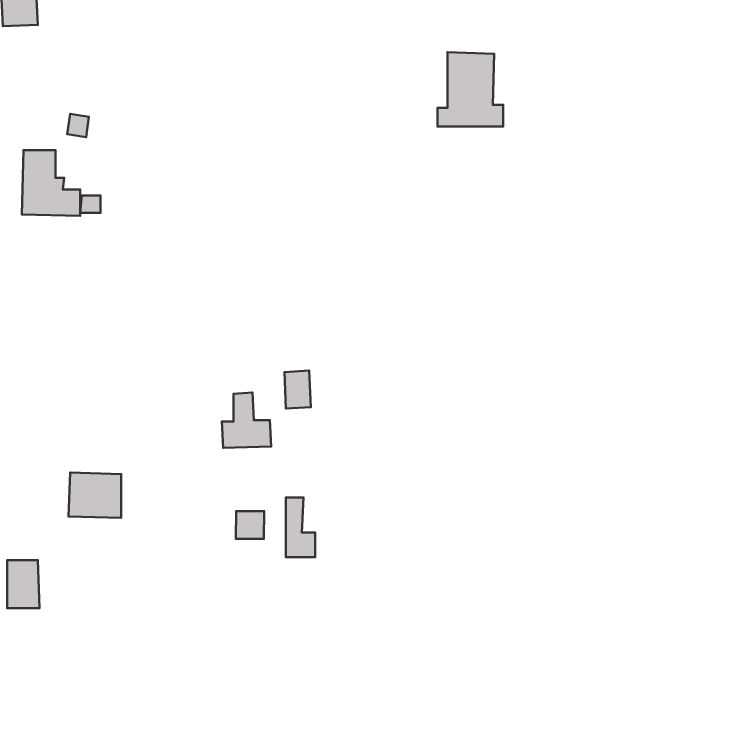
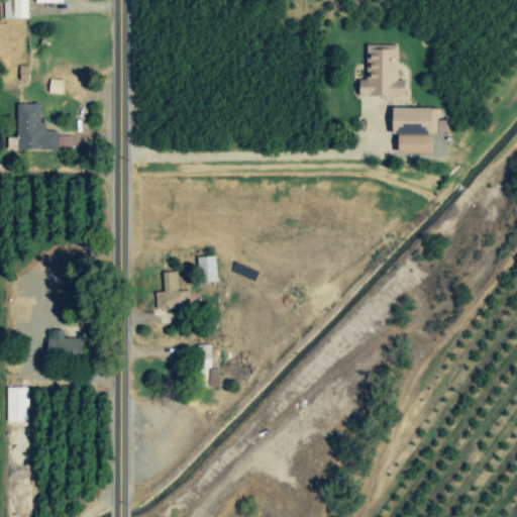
building: [437,52,503,127] -> [360,44,406,96]
building: none -> [394,107,440,152]
building: [236,511,264,539] -> none

